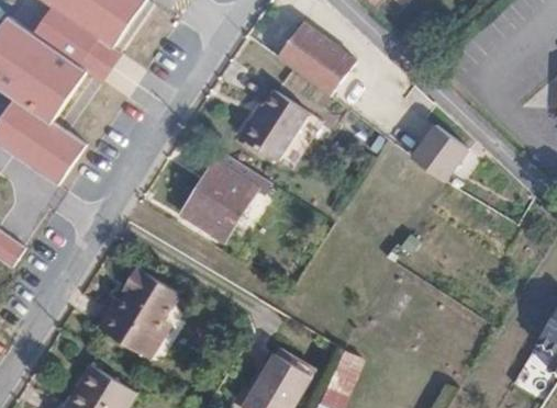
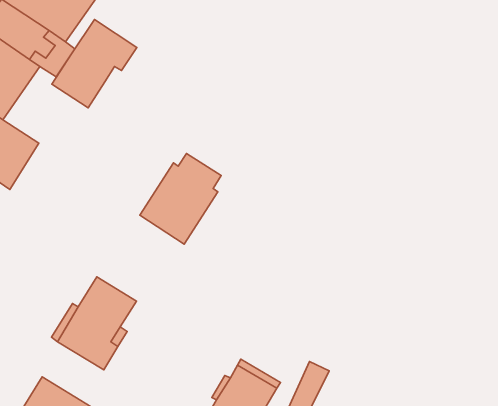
building: [276,23,355,97] -> none
building: none -> [52,19,137,108]
building: [243,90,309,160] -> none
building: [410,124,469,185] -> none

